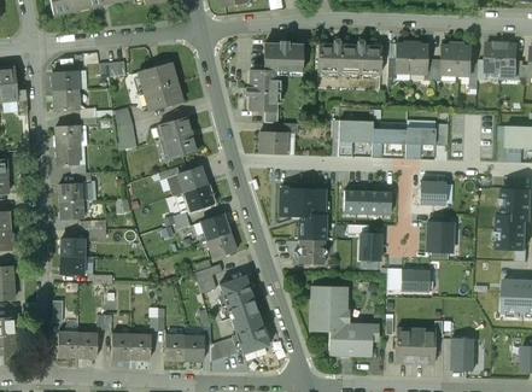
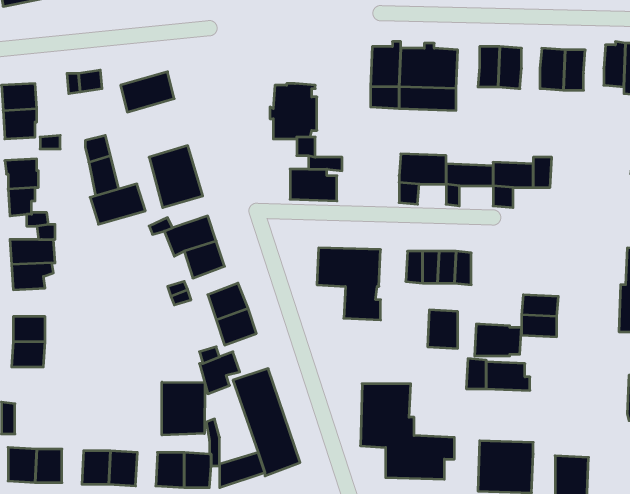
building: [263,41,302,75] -> none
building: [142,81,182,110] -> [90,184,145,224]
building: [419,181,452,204] -> [475,324,521,356]
building: [293,239,328,263] -> none
building: none -> [162,382,205,435]

